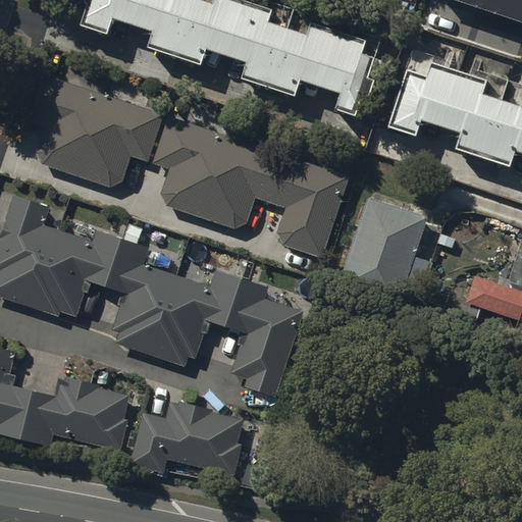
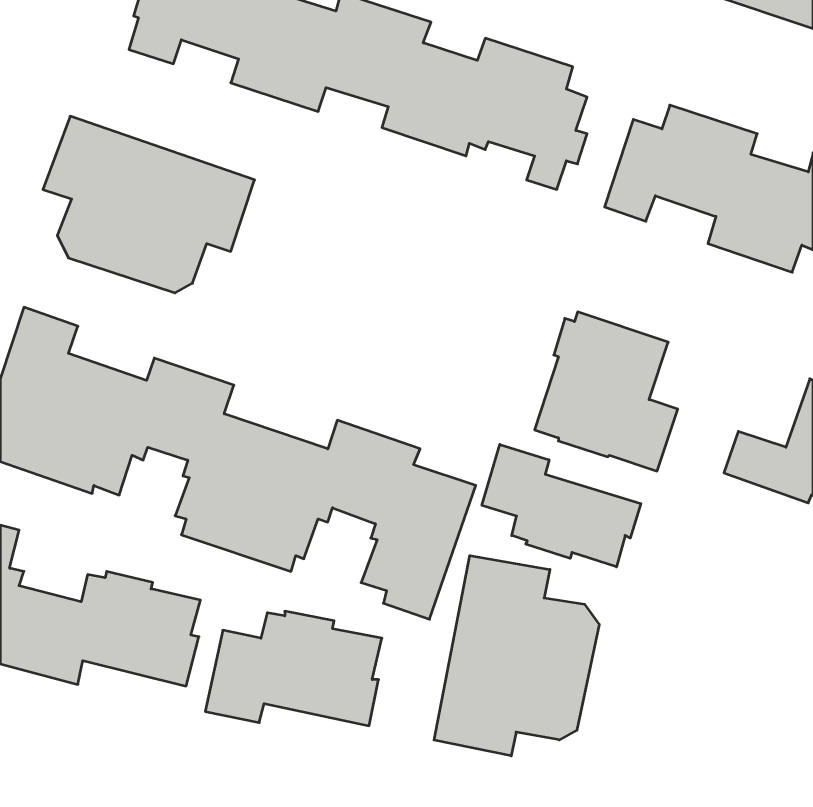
building: [154,117,348,258] -> none
building: none -> [482,444,641,567]
building: none -> [434,556,599,756]

